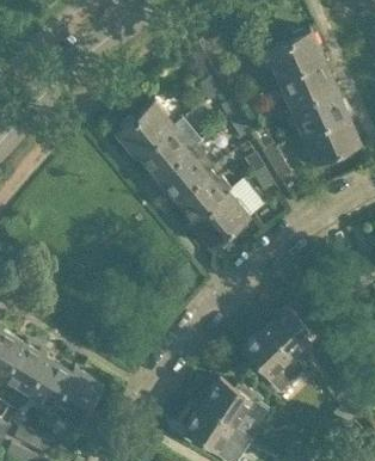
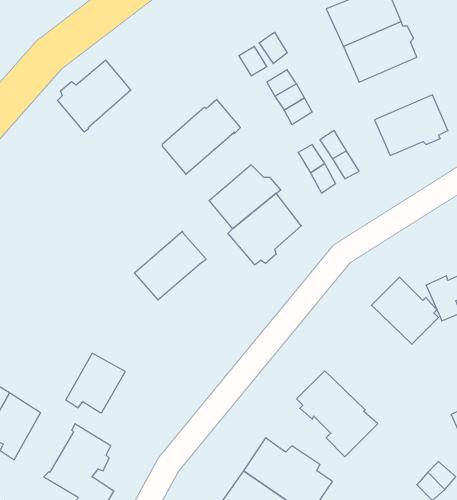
building: [293,87,350,135] -> none
building: [118,103,174,158] -> [57,60,131,132]
building: [160,145,215,197] -> [134,231,206,300]
building: [266,306,318,357] -> [371,277,438,344]
building: [29,359,74,405] -> [66,353,125,412]

